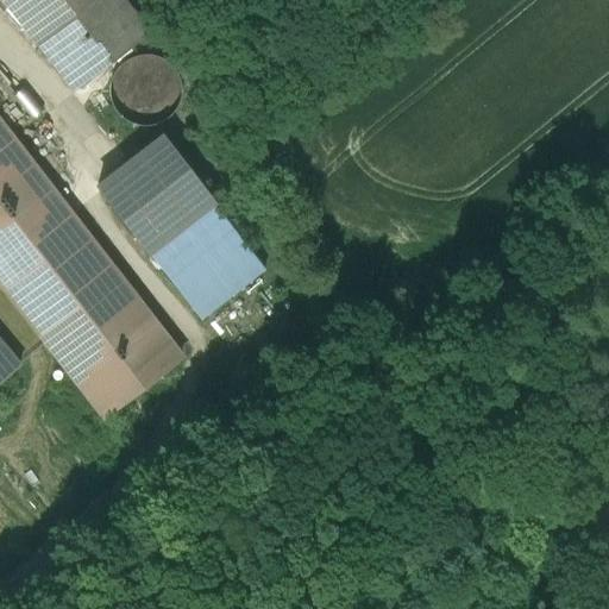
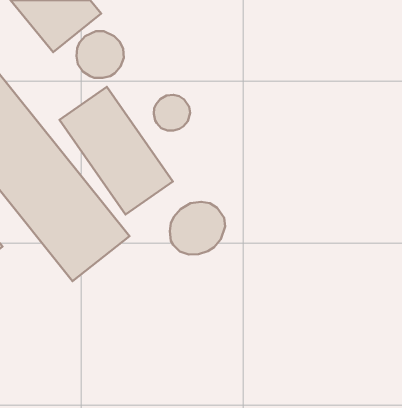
building: none -> [154,95,190,131]
building: none -> [170,202,225,255]

